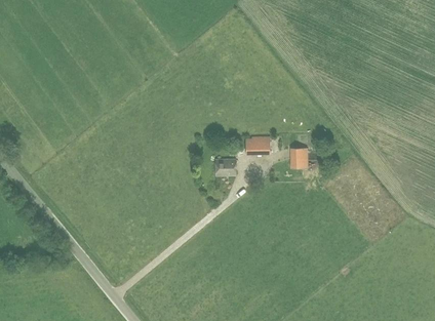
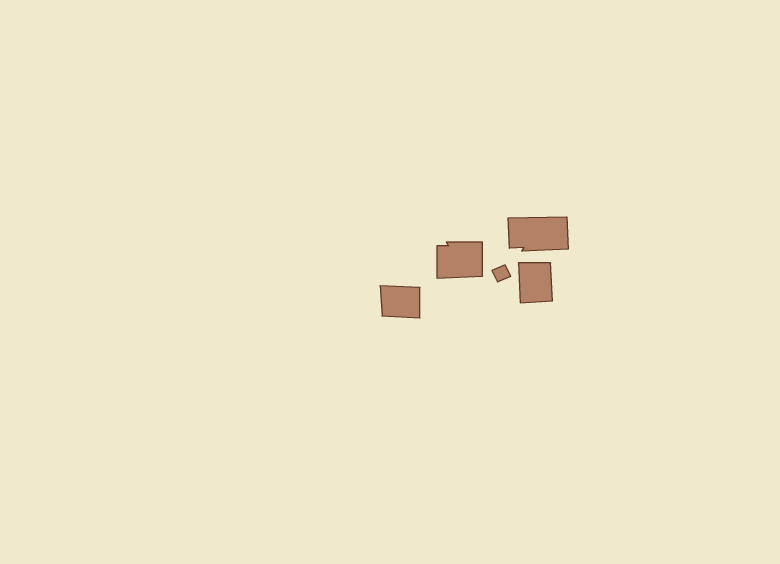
building: none -> [508,217,568,251]

